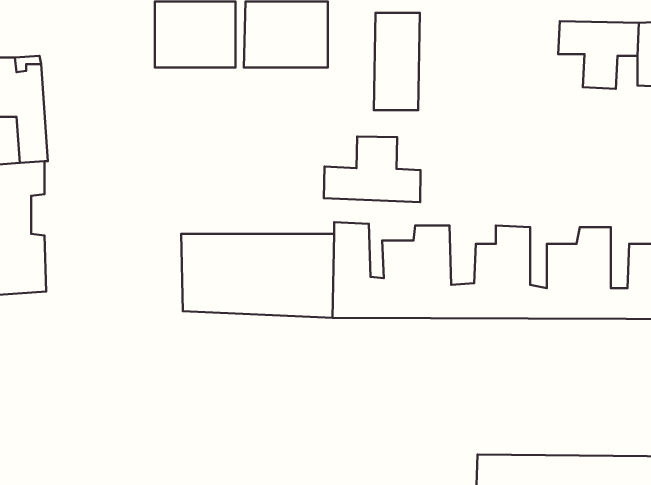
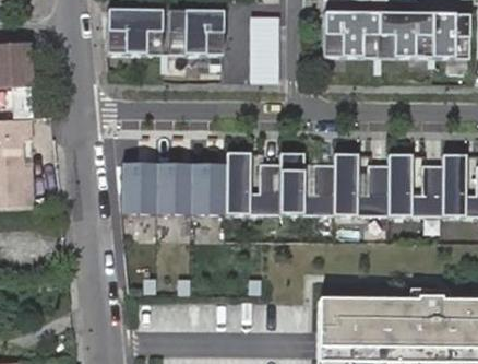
building: none -> [322,16,375,62]
building: [324,136,421,202] -> none

